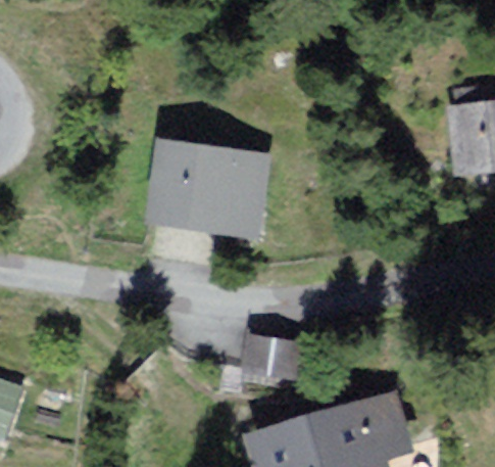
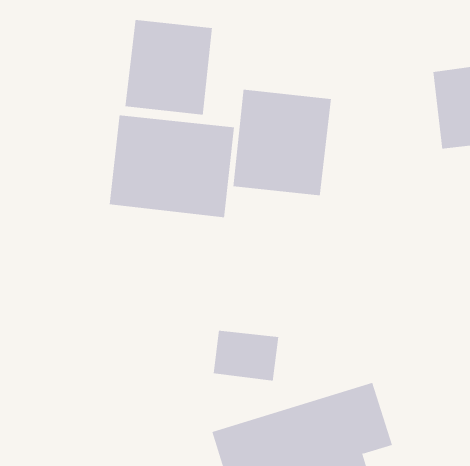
building: none -> [125,19,212,116]
building: none -> [233,89,331,196]

